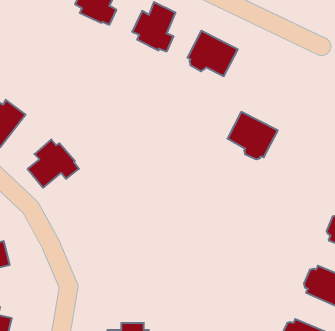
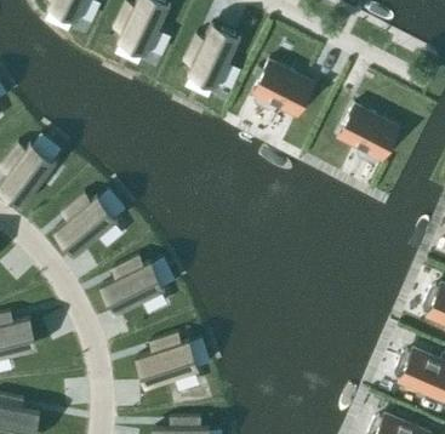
building: [227,112,278,159] -> [338,103,400,161]
building: none -> [103,257,165,310]
building: none -> [139,333,198,384]

